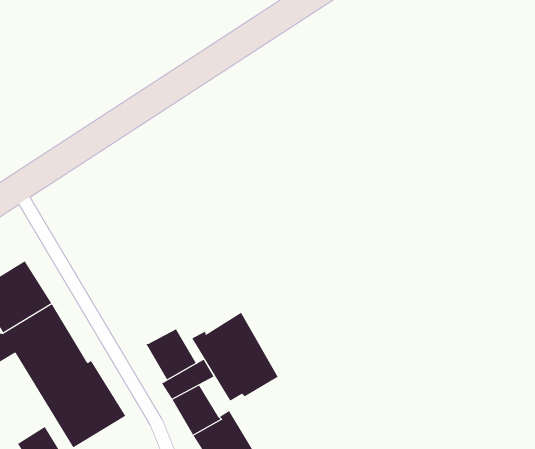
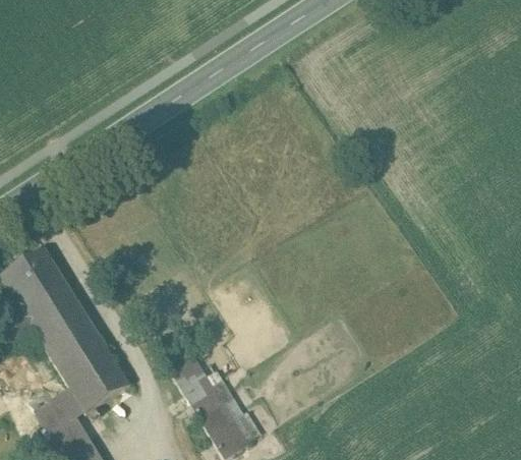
building: [191,312,279,401] -> none
building: [146,329,197,380] -> none

